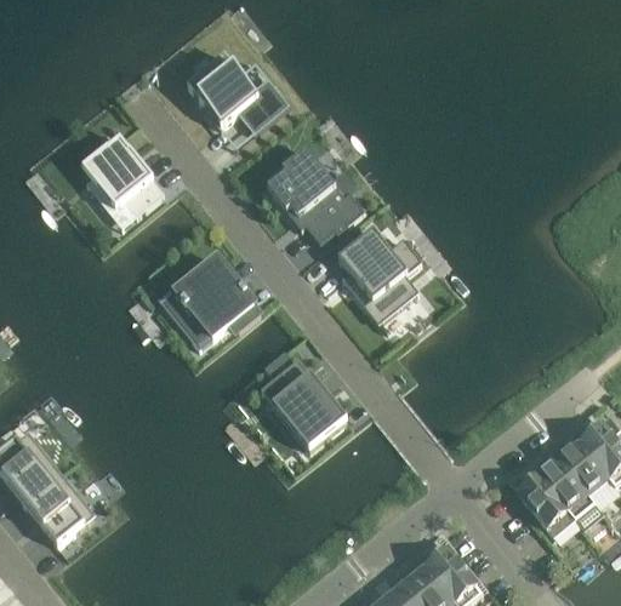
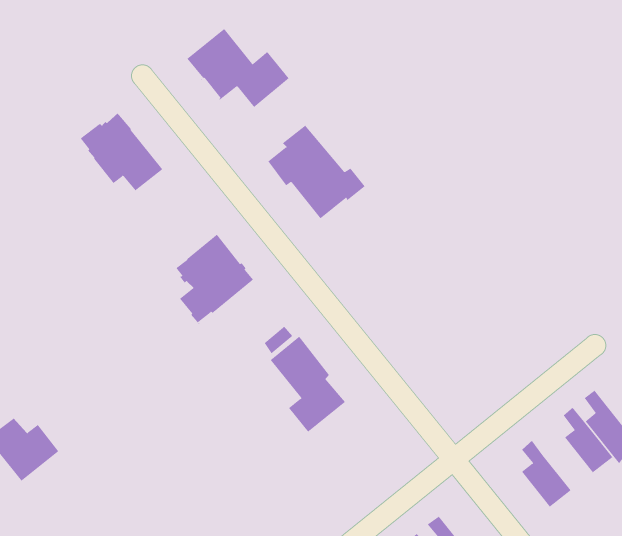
building: [334,231,416,324] -> none
building: [539,446,594,519] -> none
building: [23,473,95,544] -> none

